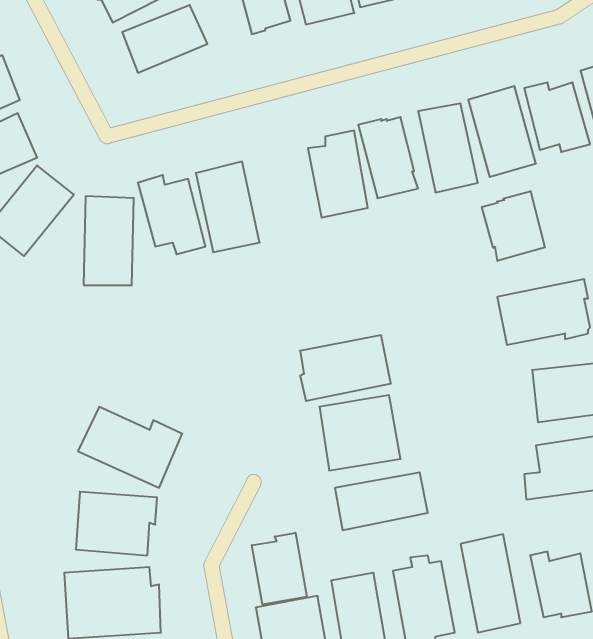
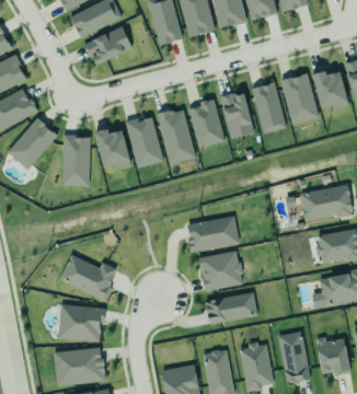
building: none -> [157,108,195,164]
building: [482,191,545,261] -> none
building: [252,533,307,604] -> none

